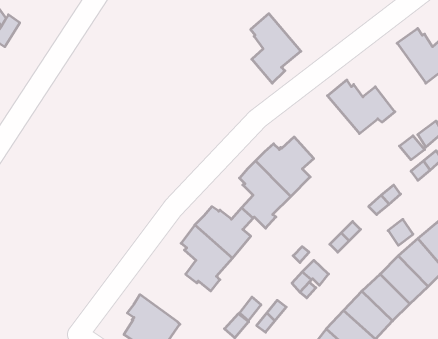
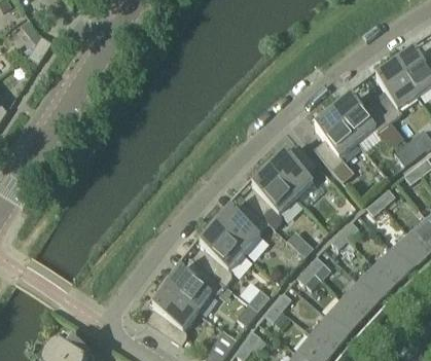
building: [251,14,301,83] -> [313,107,358,170]
building: none -> [372,60,418,121]
building: none -> [160,267,212,313]

